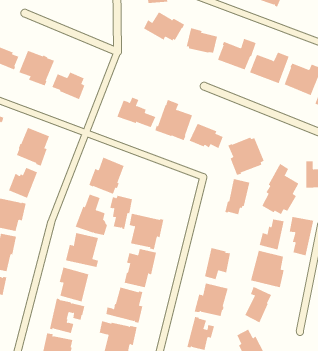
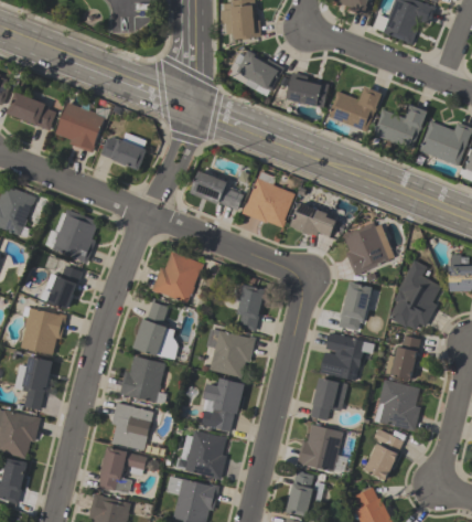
building: [110,195,133,230] -> [234,283,266,330]
building: [289,216,314,256] -> none
building: none -> [321,332,374,380]

